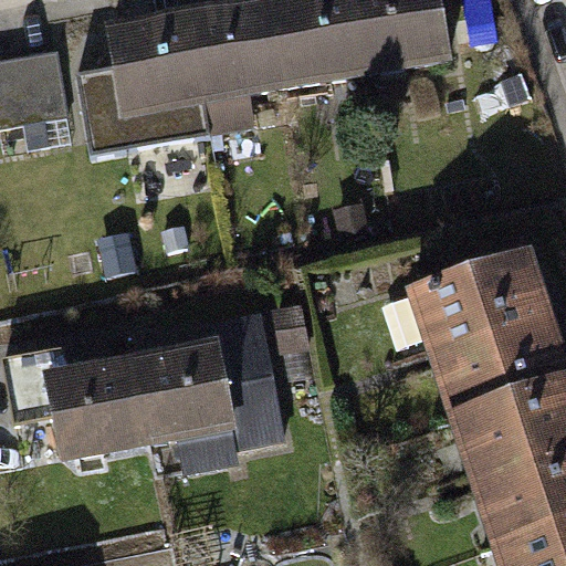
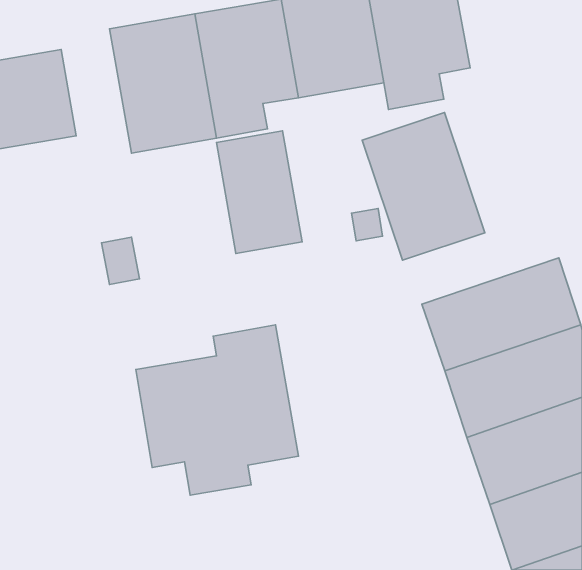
building: none -> [362,113,485,260]
building: none -> [216,131,302,254]
building: [41,355,146,463] -> none

